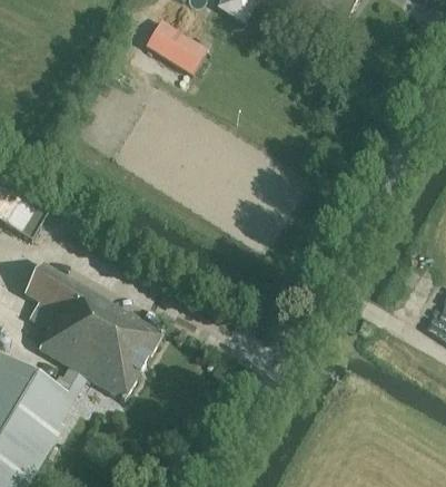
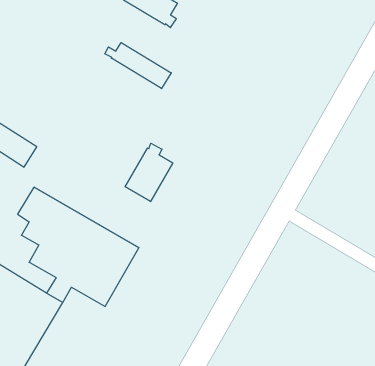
building: none -> [105,43,171,89]
building: none -> [125,143,173,202]

